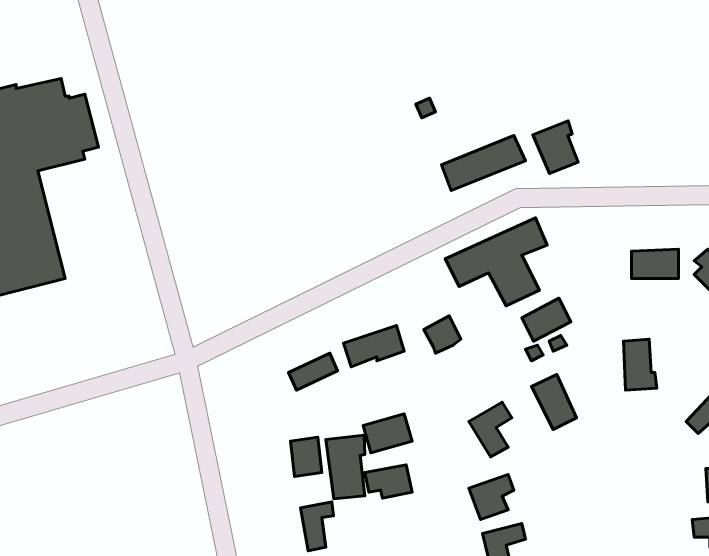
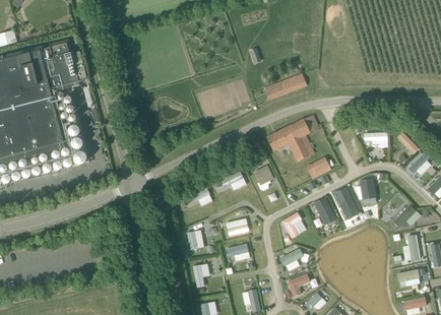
building: [533,121,578,173] -> none
building: none -> [332,185,359,218]
building: [326,435,365,499] -> none

